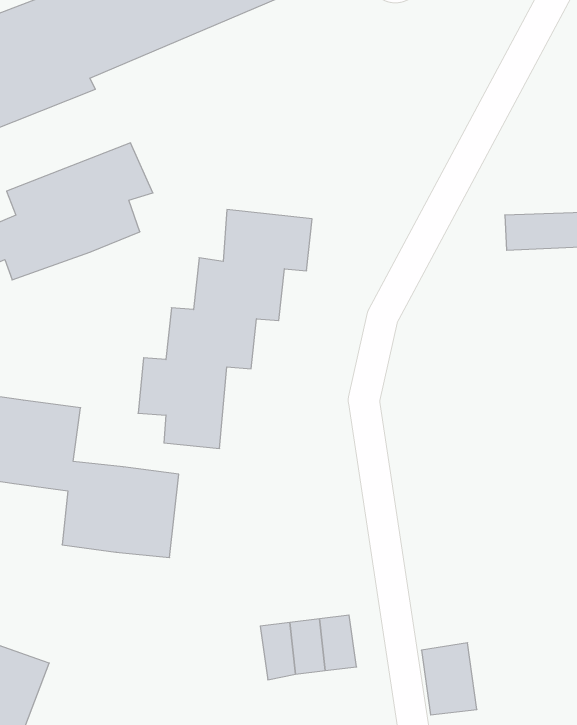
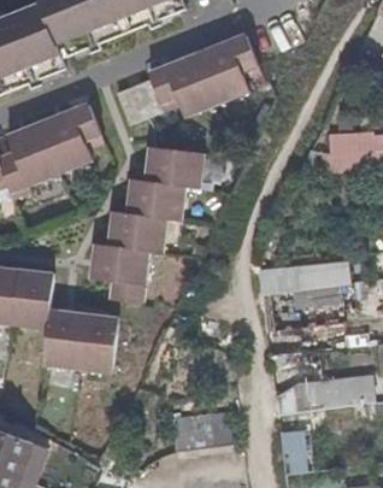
building: none -> [116,31,259,122]
building: none -> [258,258,367,311]
building: none -> [275,380,369,427]

